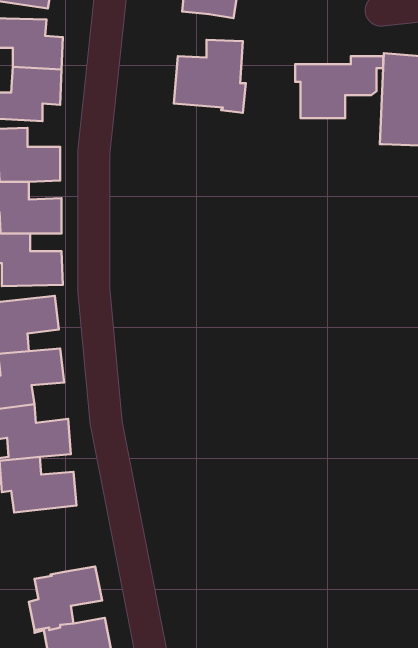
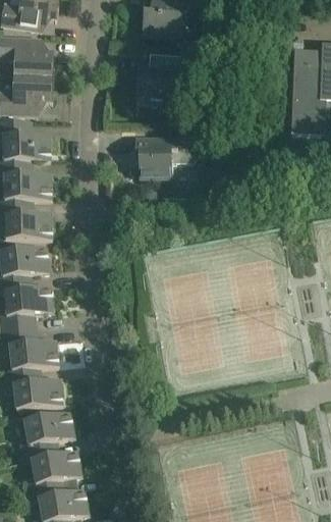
building: [295,56,383,118] -> [135,130,202,177]
building: none -> [19,411,75,461]

